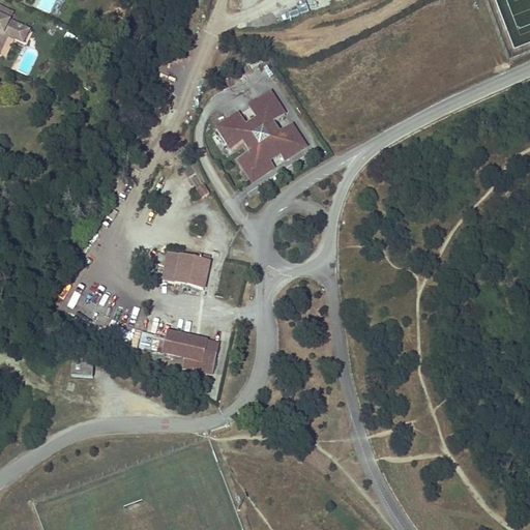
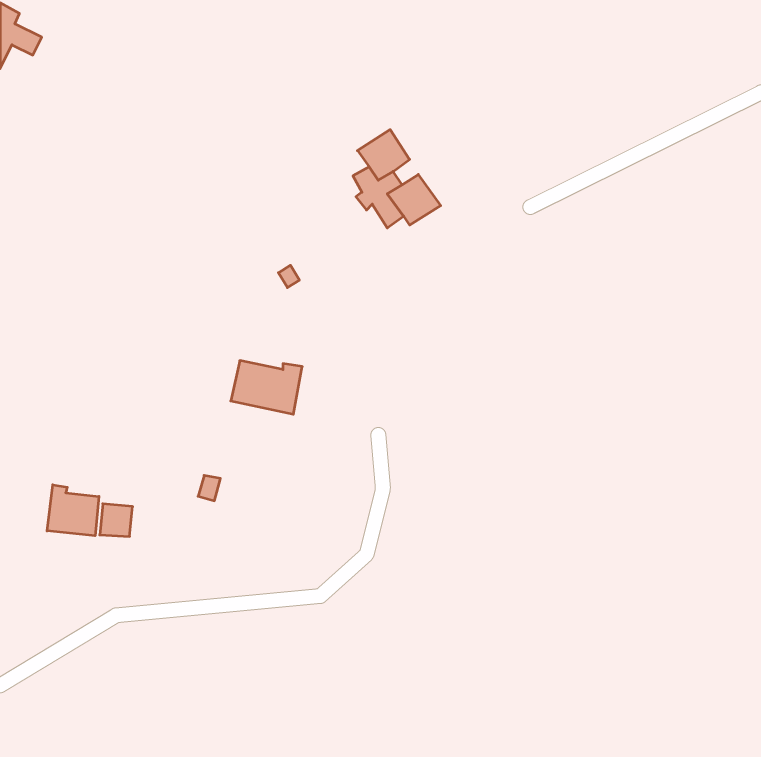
building: [217,112,273,178] -> none
building: [163,332,217,372] -> none
building: none -> [47,485,99,536]

